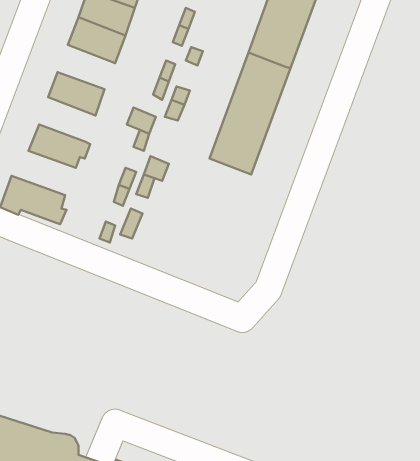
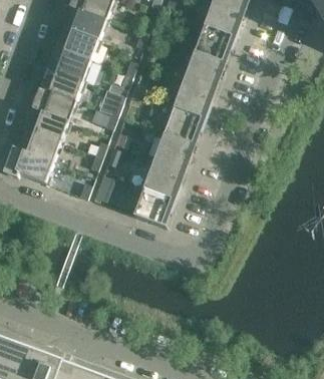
building: none -> [45,47,89,81]
building: none -> [31,87,74,121]
building: none -> [10,128,62,162]
building: none -> [131,134,194,228]

